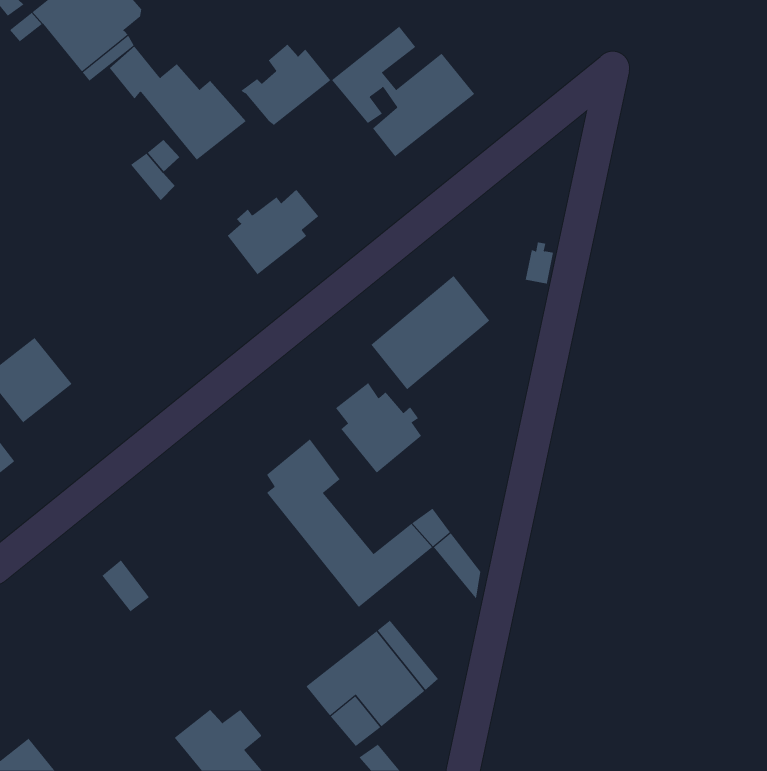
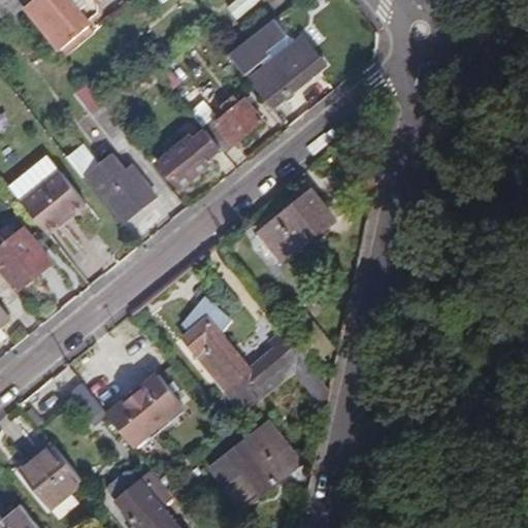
building: [241,44,331,125] -> [199,95,261,151]
building: [109,45,246,160] -> [62,141,156,220]
building: none -> [7,155,84,232]
building: [335,382,422,474] -> none
building: none -> [107,372,185,446]
building: none -> [18,443,81,508]

